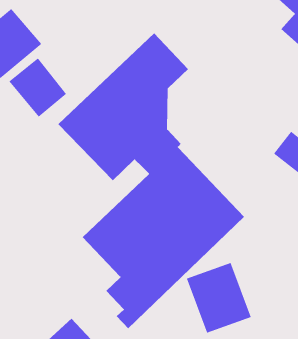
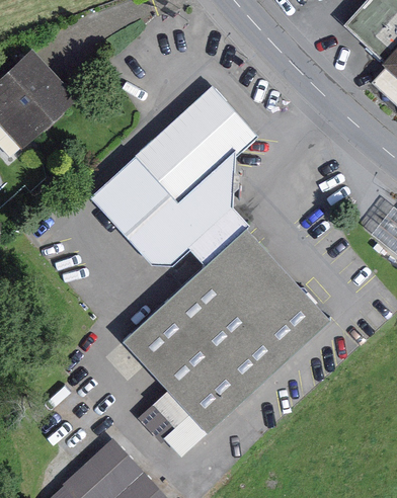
building: [9,57,67,118] -> none
building: [186,262,252,333] -> none

